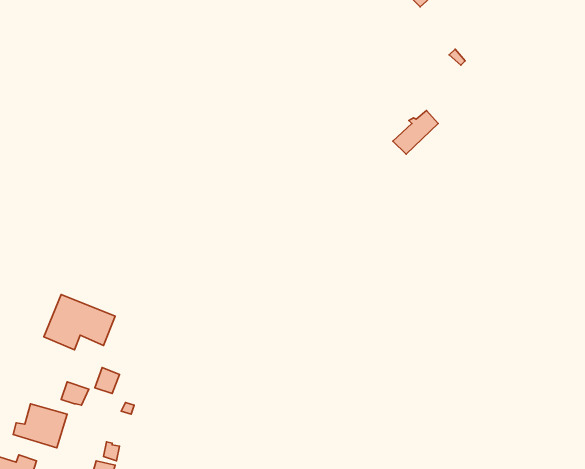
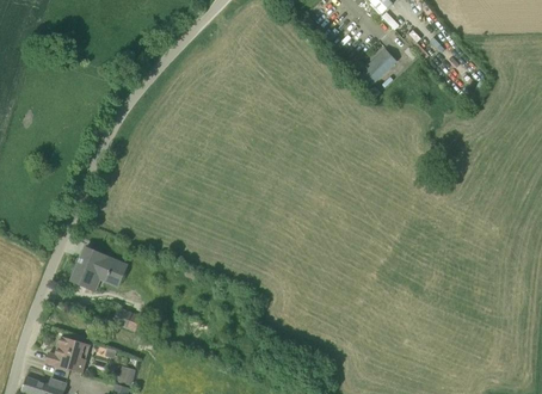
building: [393,110,438,154] -> [358,49,395,85]

